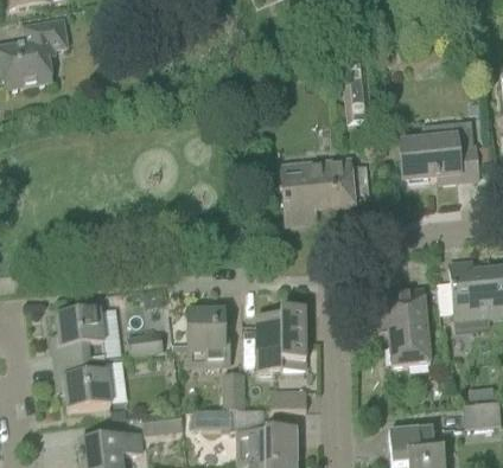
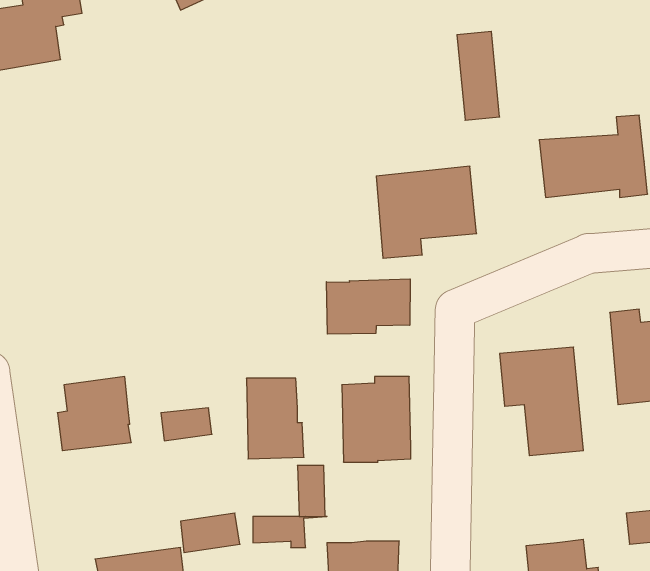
building: none -> [326,279,410,334]
building: [55,355,112,408] -> none
building: [269,389,306,408] -> none

